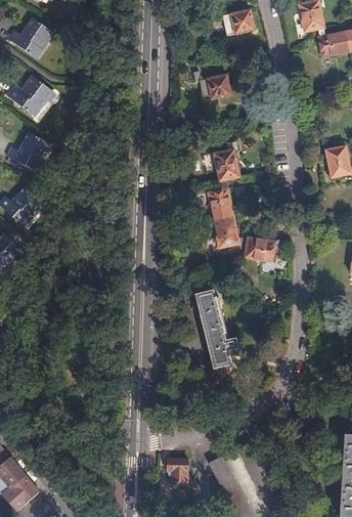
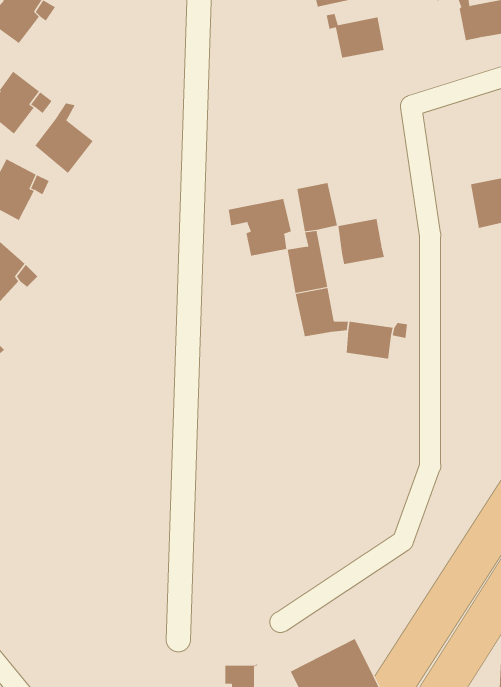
building: [192,72,230,100] -> [326,14,385,58]
building: none -> [35,103,94,174]
building: none -> [228,198,291,257]
building: none -> [338,218,384,265]
building: [195,291,238,368] -> none

